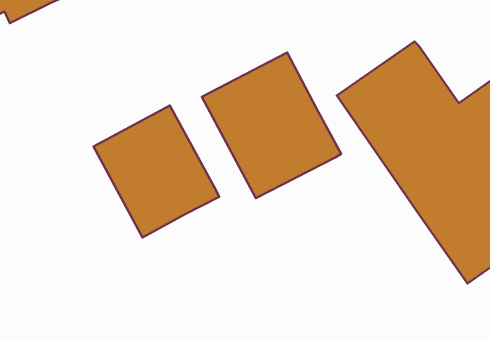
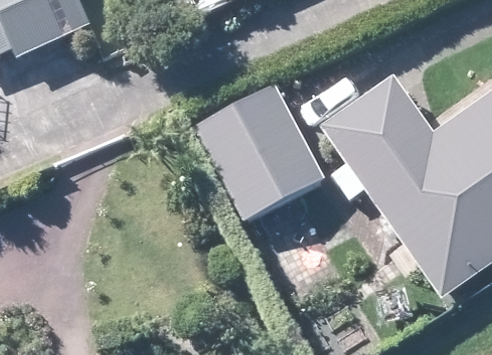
building: [93,106,219,237] -> none

